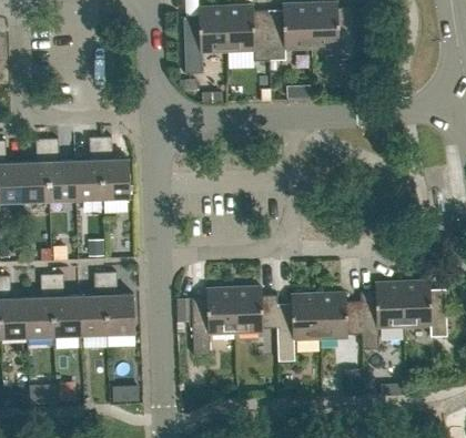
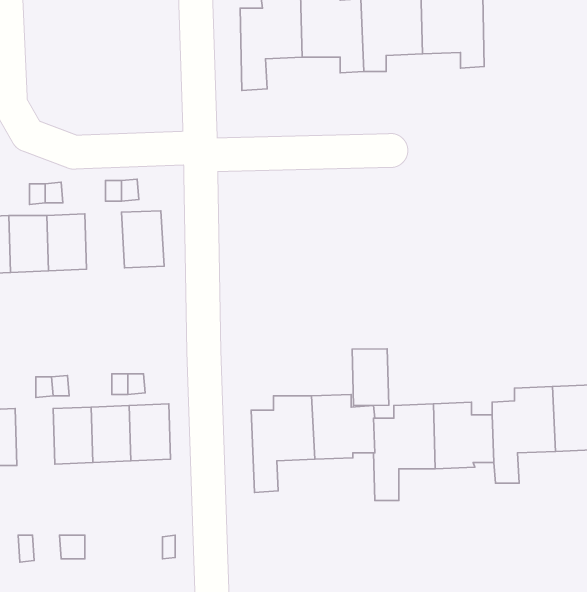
building: [74,160,102,200] -> none
building: none -> [352,349,389,406]
building: [26,297,53,337] -> none

